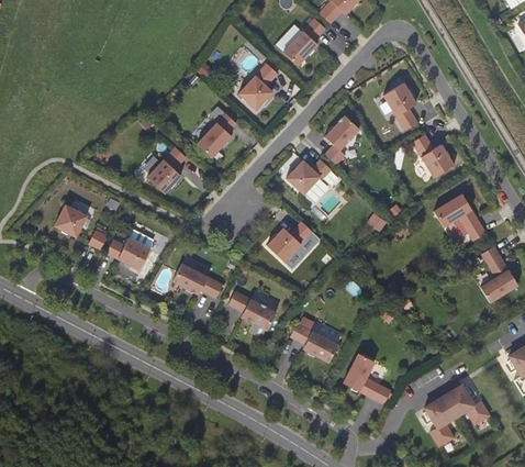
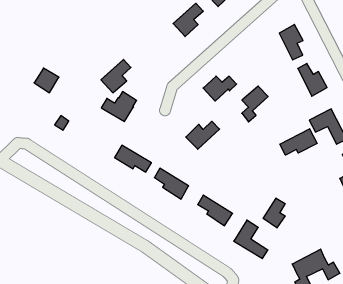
building: [197,113,236,157] -> none
building: [324,115,359,165] -> [242,86,268,122]
building: [54,204,87,237] -> [34,68,59,93]
building: none -> [280,129,317,155]
building: [107,229,154,269] -> [101,92,137,122]
building: none -> [263,198,285,228]

